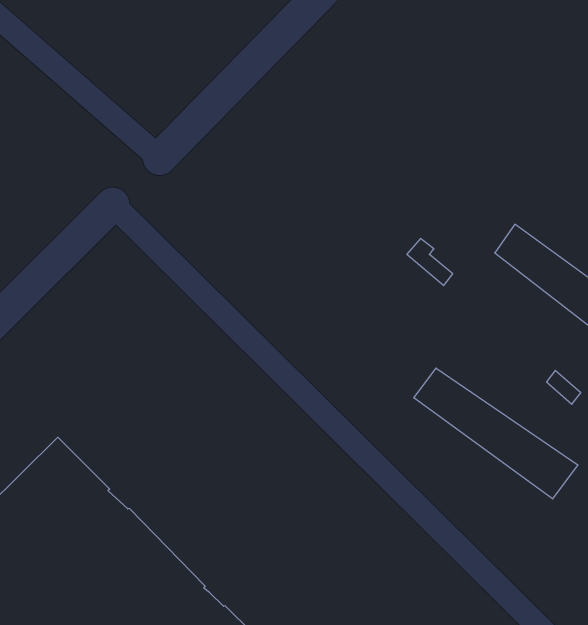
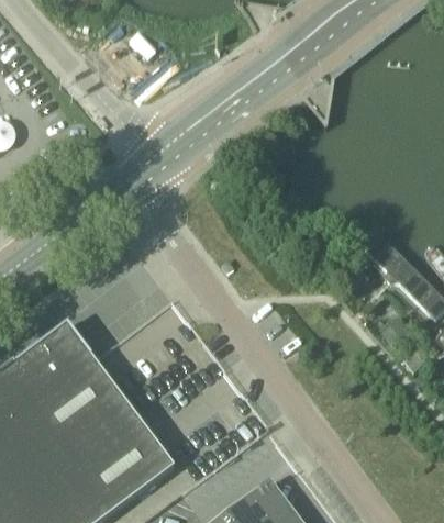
building: [414,368,578,499] -> none

